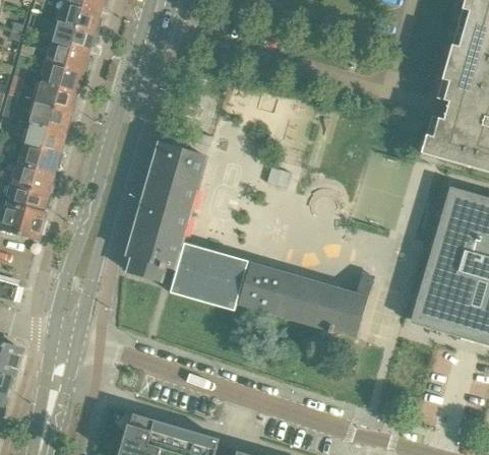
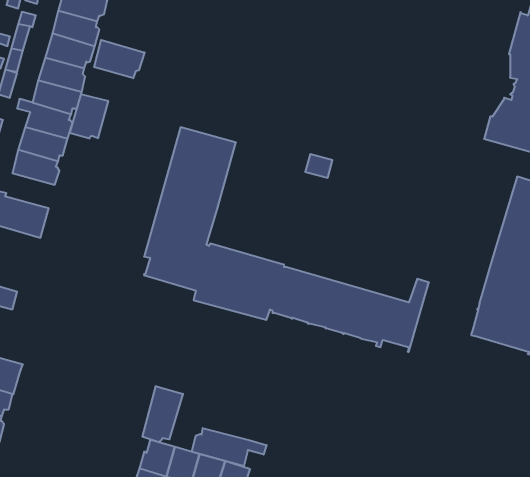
building: none -> [94,40,145,78]
building: none -> [70,94,108,139]
building: [7,183,50,212] -> none
building: none -> [142,386,183,442]
building: none -> [192,428,267,466]

